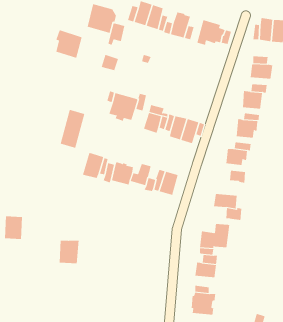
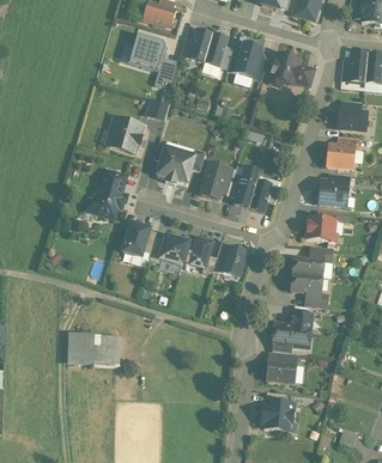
building: [55,30,82,59] -> [109,116,144,153]
building: none -> [292,258,322,279]
building: [4,216,23,239] -> [69,335,93,365]

